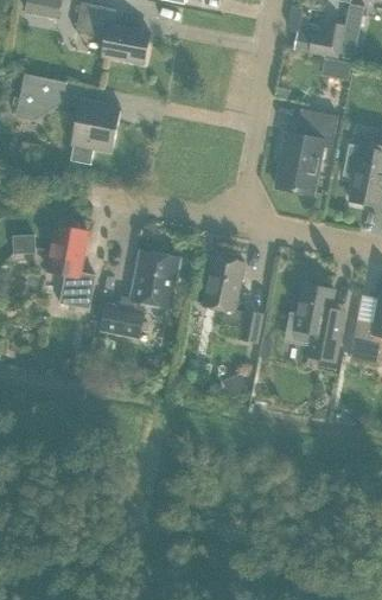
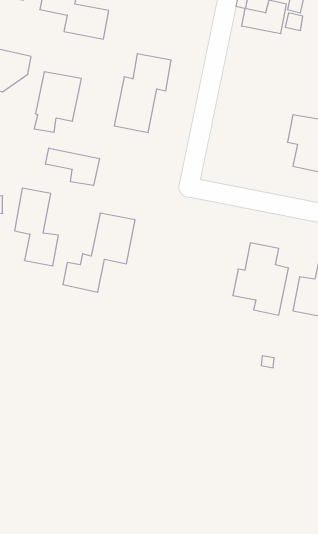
building: [276,108,338,193] -> [114,54,171,133]
building: none -> [45,148,99,186]
building: [203,256,263,342] -> none

